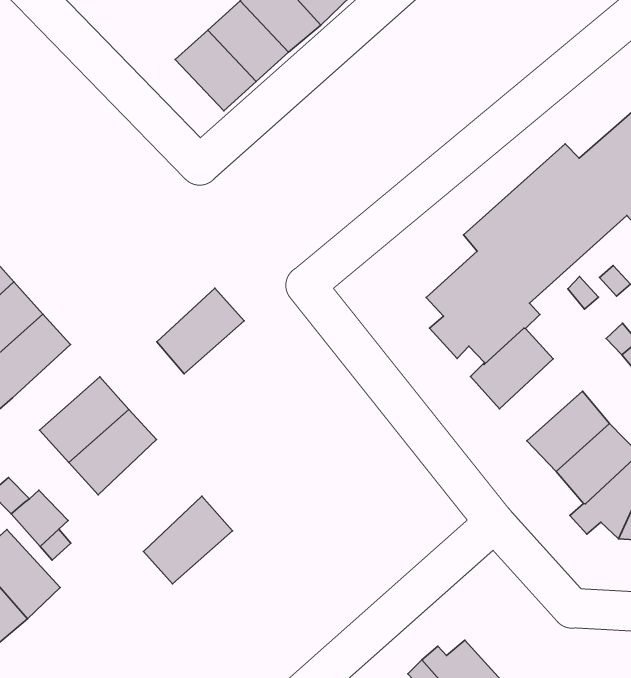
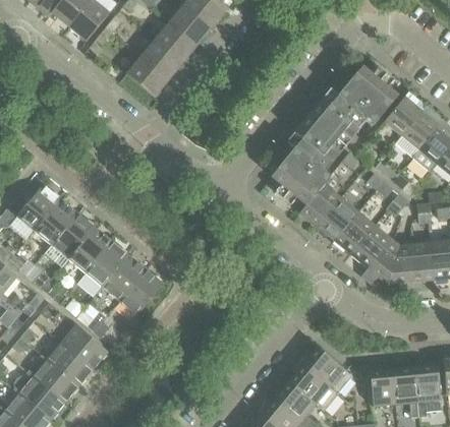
building: [157,288,244,374] -> [69,227,112,272]
building: none -> [318,197,358,241]
building: [143,496,233,584] -> [120,268,164,315]

